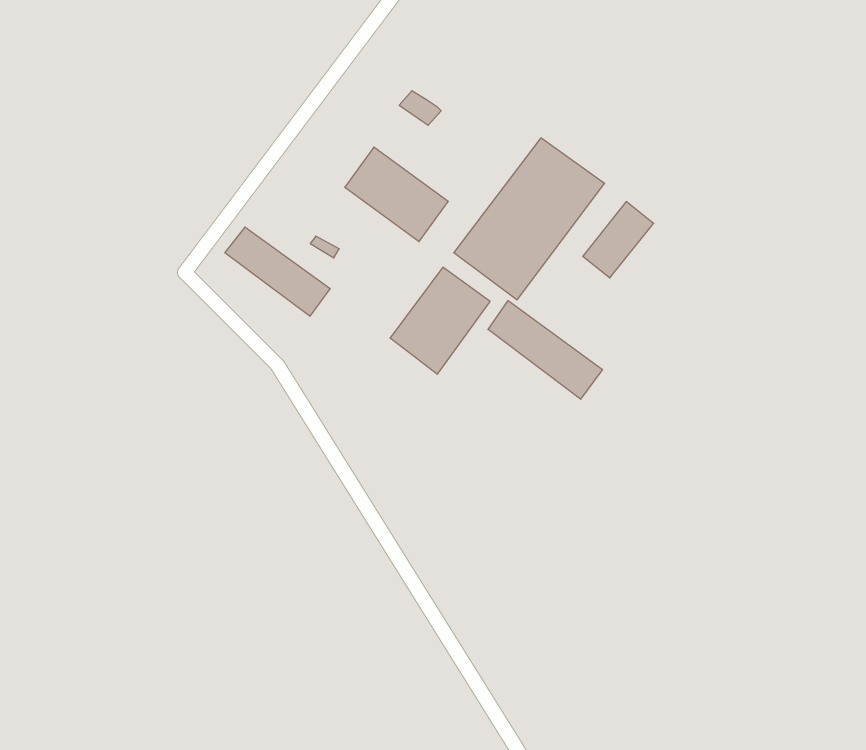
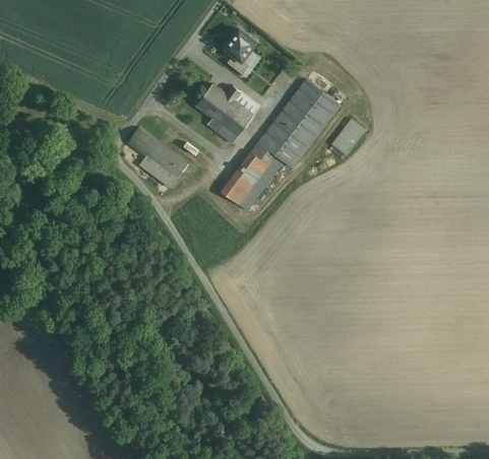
building: none -> [224,27,256,58]
building: [488,301,603,399] -> none

